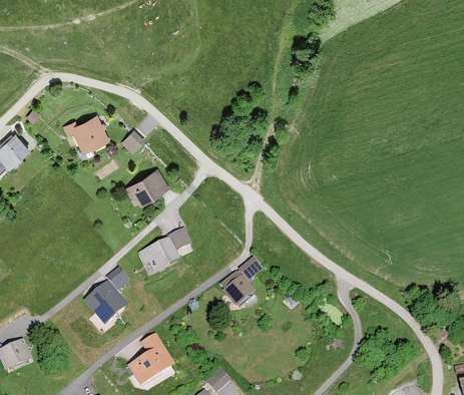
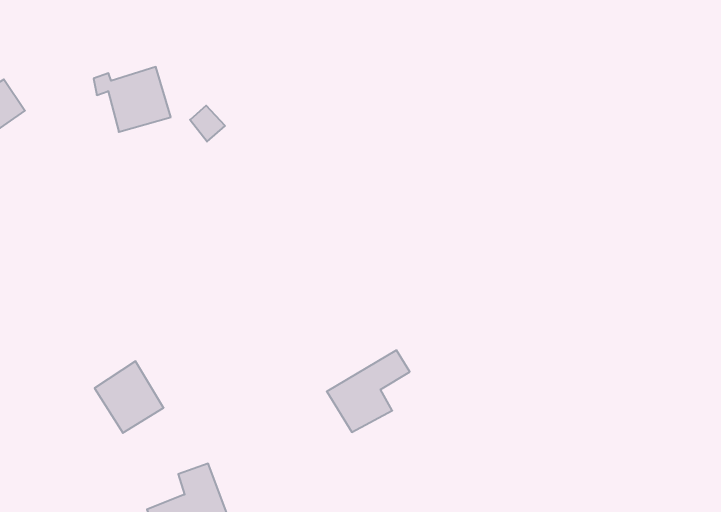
building: [128,169,168,204] -> none
building: [138,229,192,275] -> none

